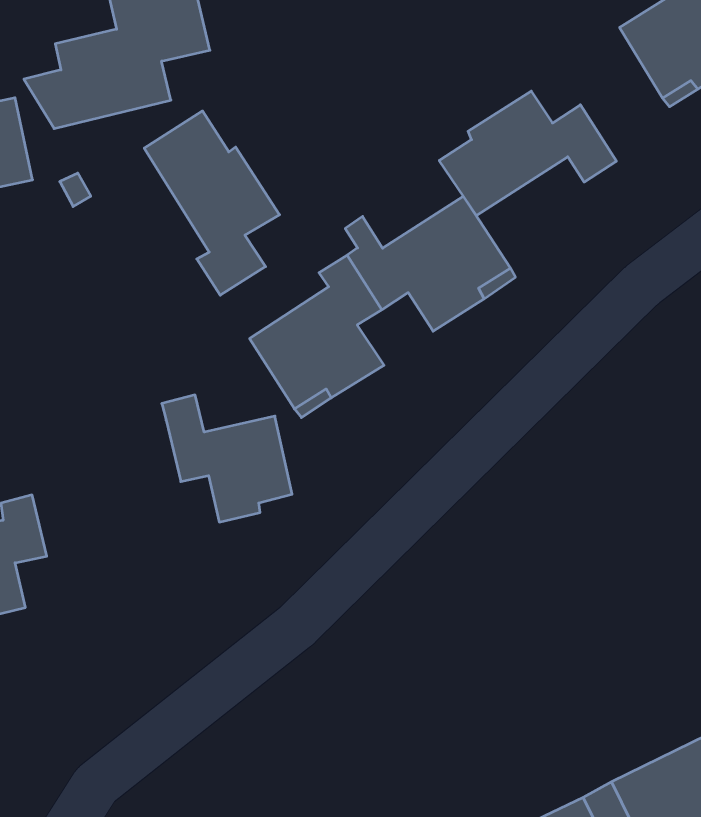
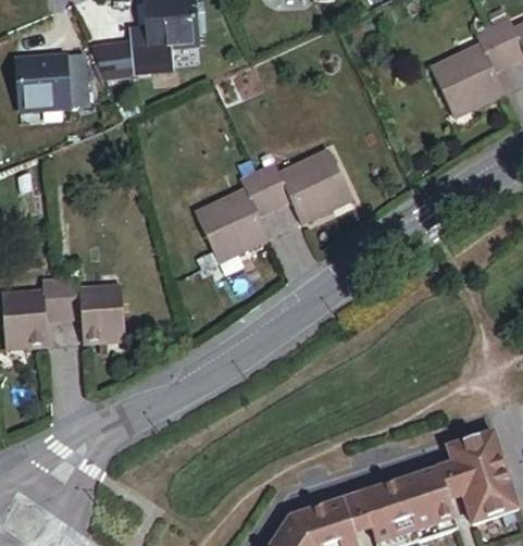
building: [439,91,616,215] -> none
building: [144,111,280,295] -> none
building: [162,395,292,522] -> [59,271,125,345]

